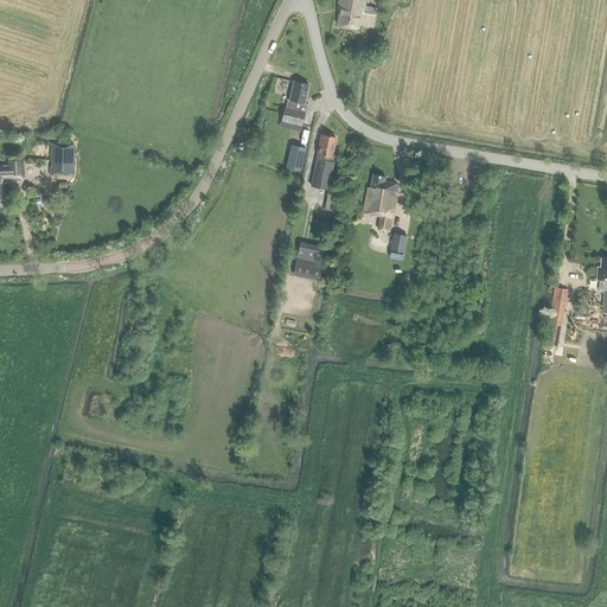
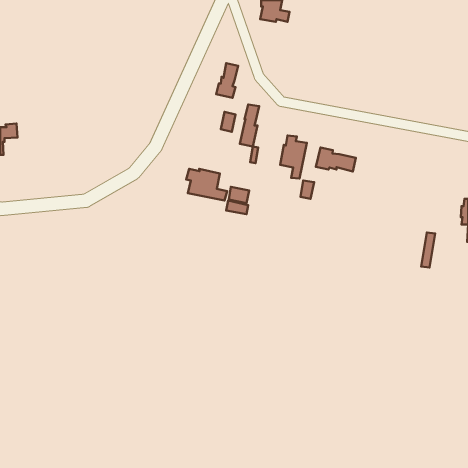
building: [49,143,74,177] -> none
building: none -> [316,148,356,172]
building: none -> [186,169,227,201]

